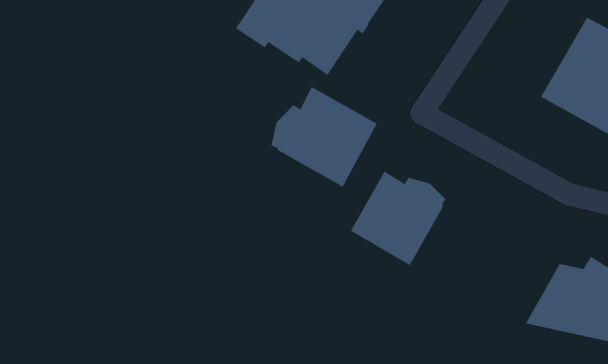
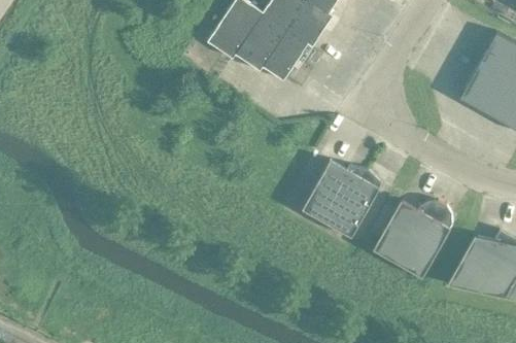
building: [271,86,378,188] -> none
building: none -> [372,200,451,278]

